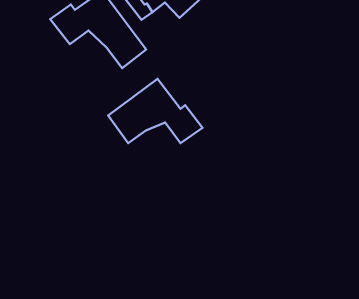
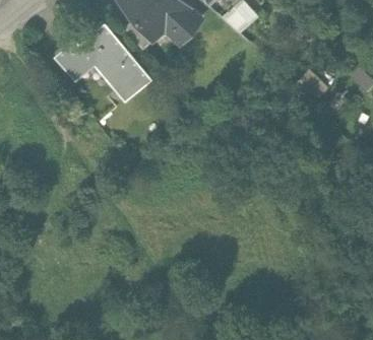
building: [108,79,203,143] -> none

